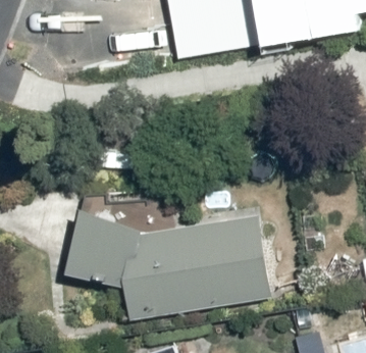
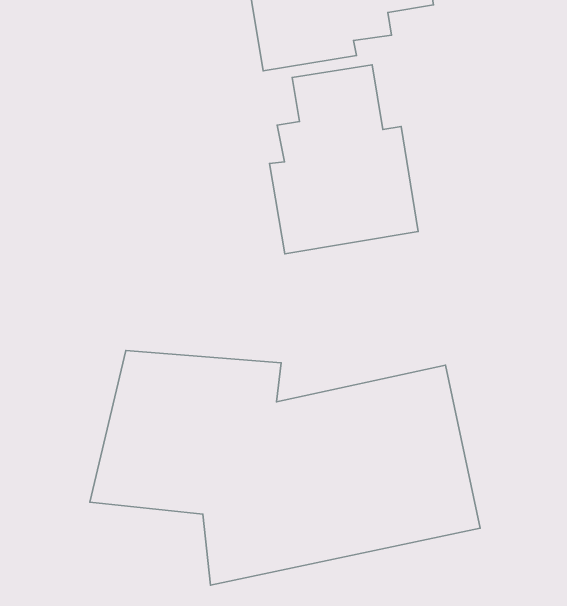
building: none -> [270,65,418,254]

